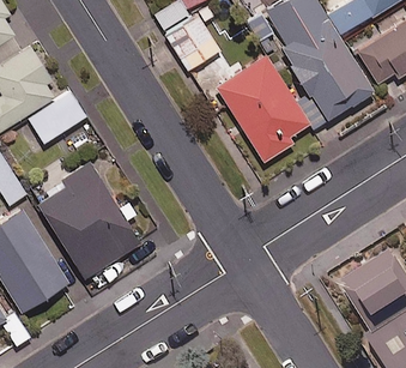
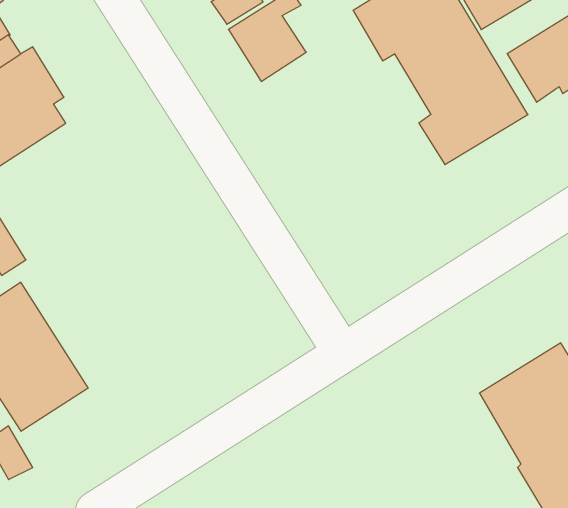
building: [214,54,310,161] -> none
building: [26,90,86,143] -> none
building: [37,162,140,277] -> none

